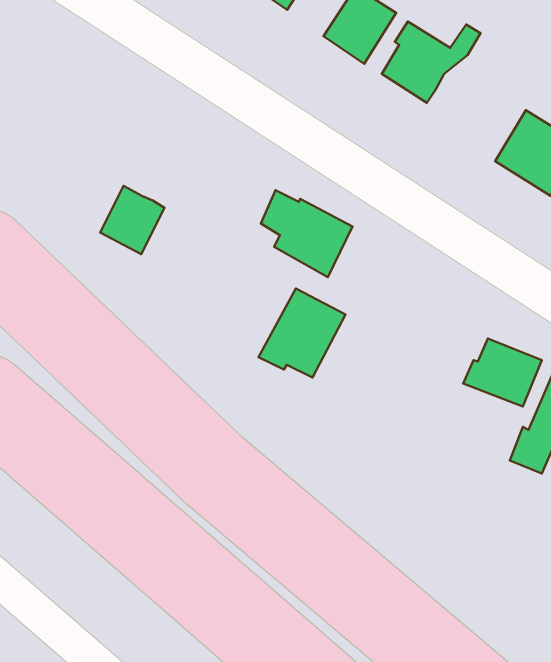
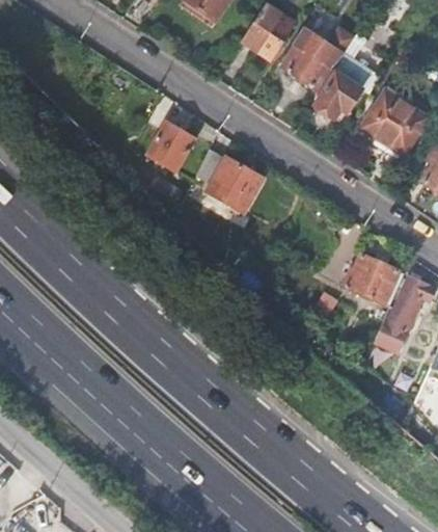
building: none -> [313,71,361,115]
building: [100,186,164,254] -> [149,123,195,171]
building: [258,288,346,377] -> none

